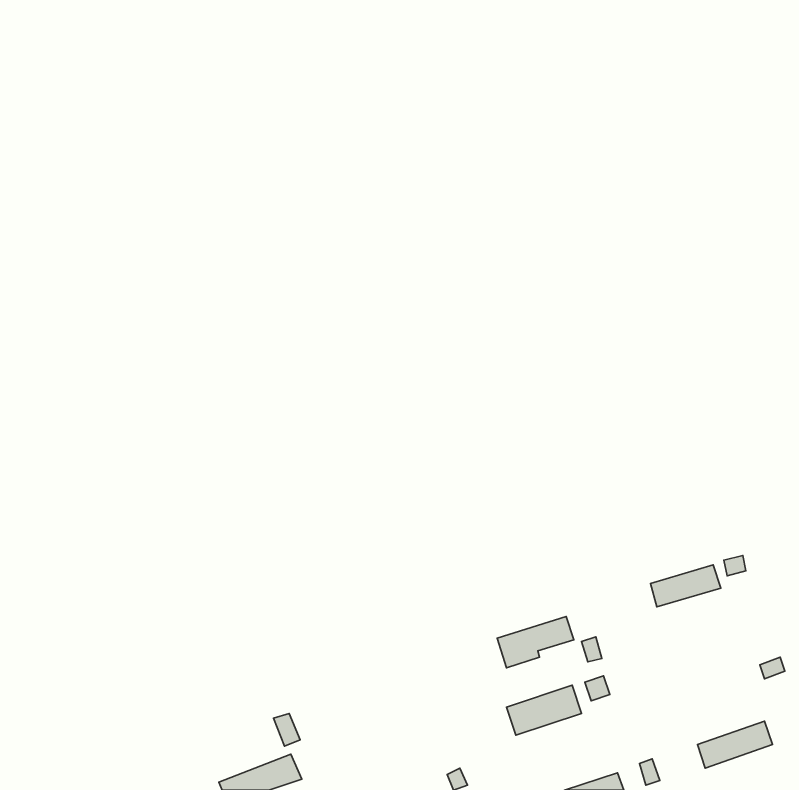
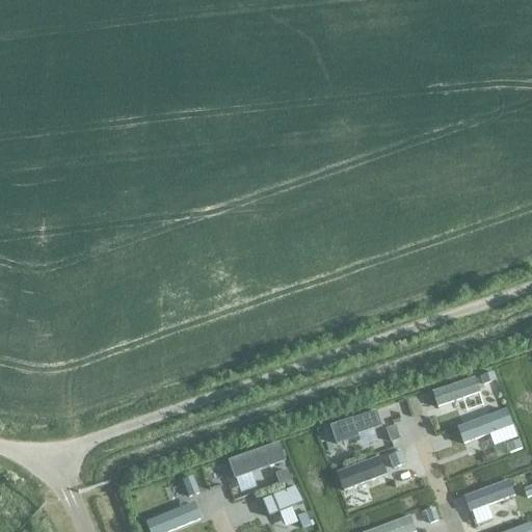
building: none -> [457,407,512,442]
building: none -> [228,442,286,478]
building: none -> [263,485,302,513]

